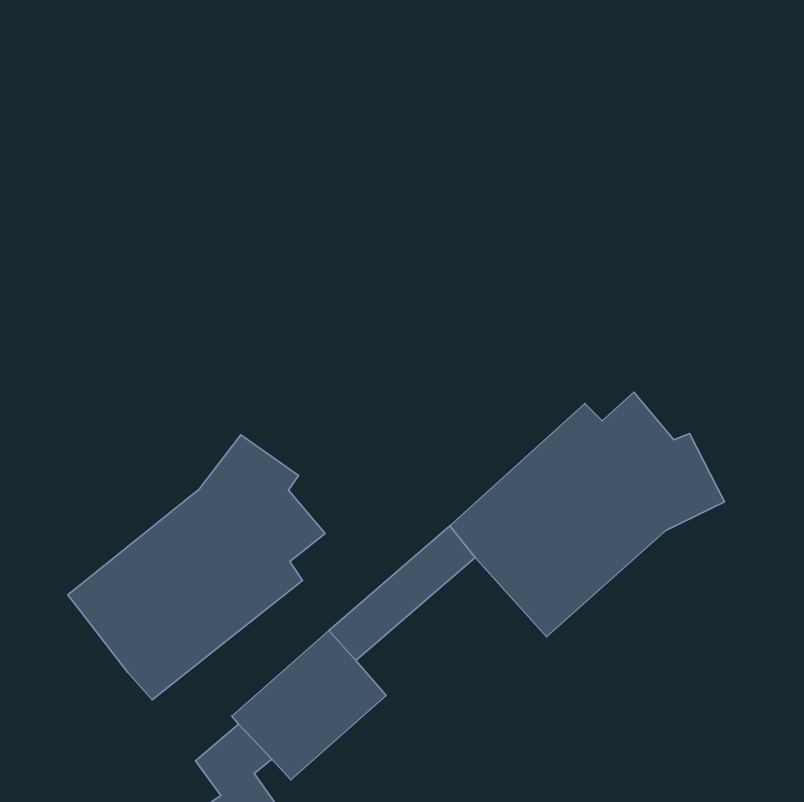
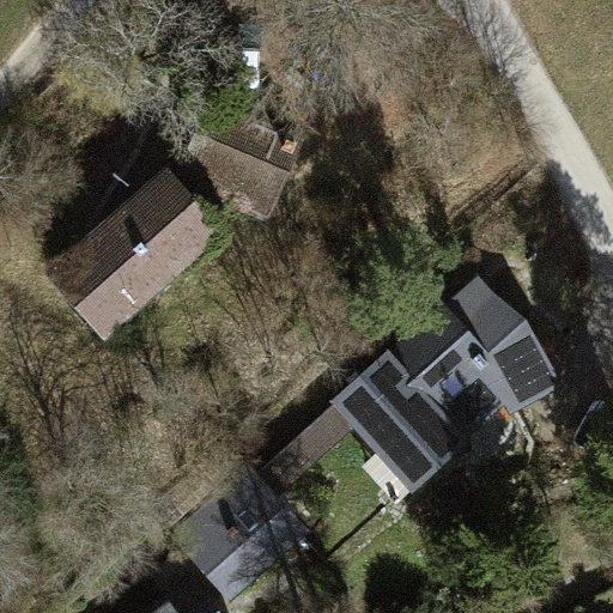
building: none -> [50,117,289,336]
building: [68,435,325,700] -> none

